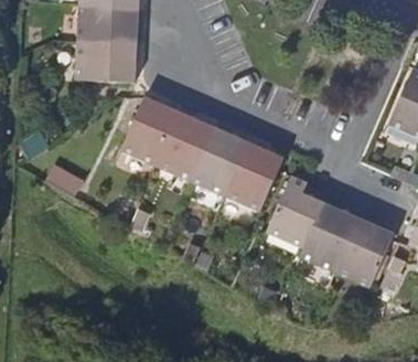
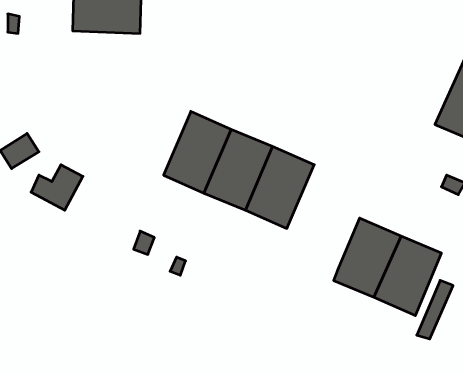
building: [76,43,136,84] -> none
building: [120,96,179,166] -> none
building: [266,174,322,246] -> none

